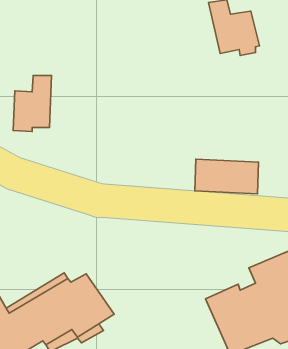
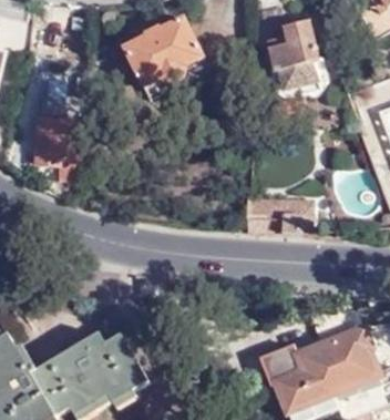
building: none -> [122,21,207,103]

